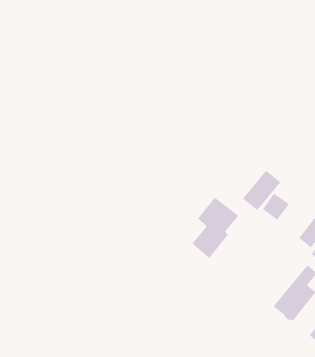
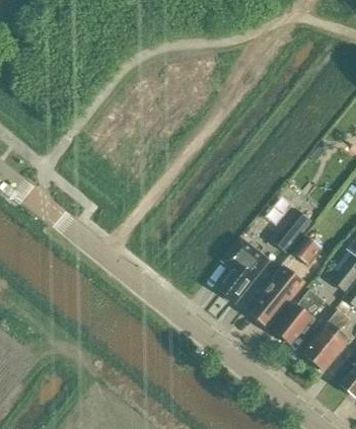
building: none -> [253,269,302,325]
building: none -> [275,289,326,344]

